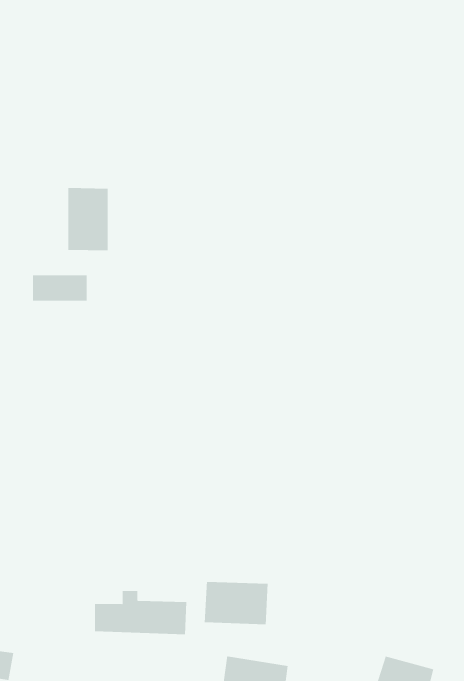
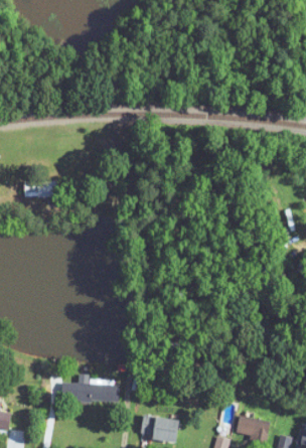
building: [68,187,108,251] -> none
building: [204,581,268,625] -> none

